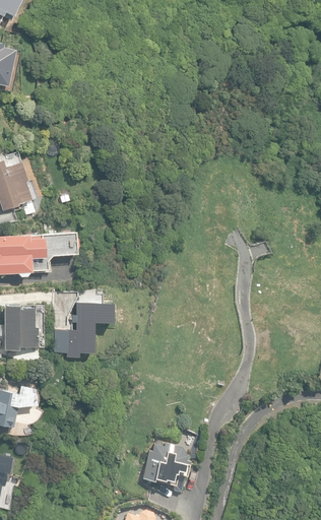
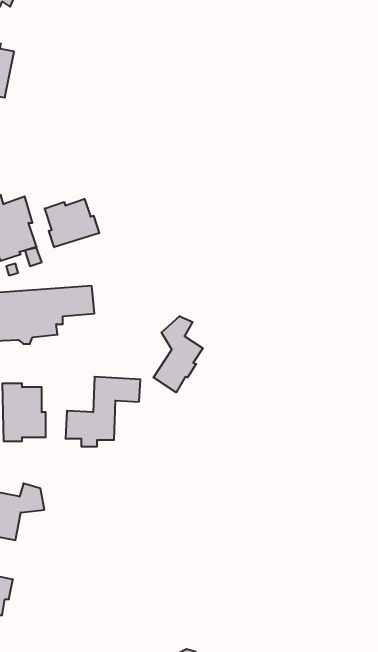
building: none -> [45,199,99,247]
building: none -> [153,316,203,392]
building: [142,442,190,480] -> none

